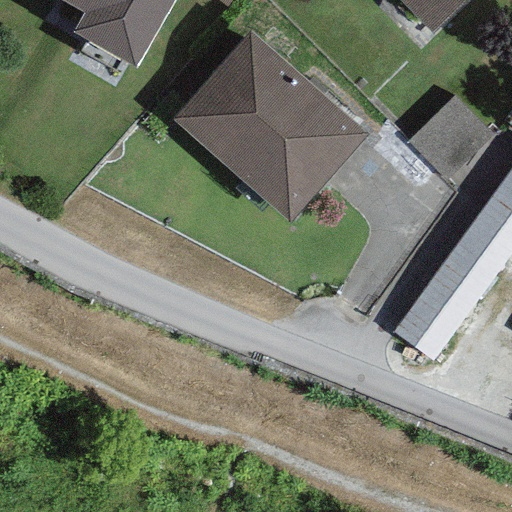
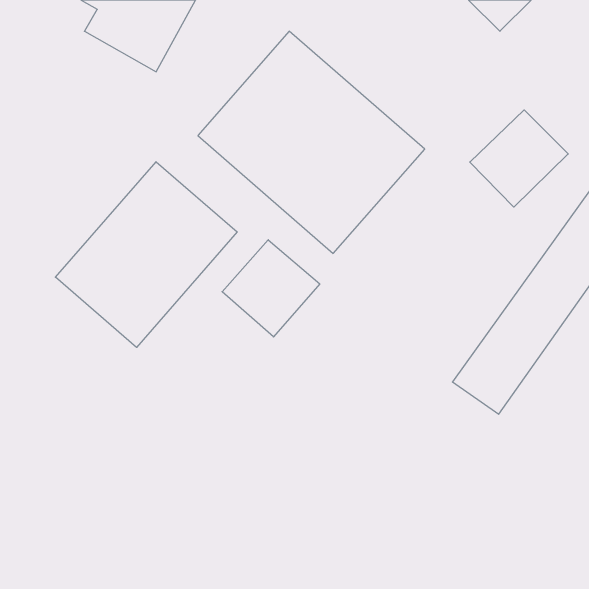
building: none -> [55,162,237,347]
building: none -> [222,240,320,337]

